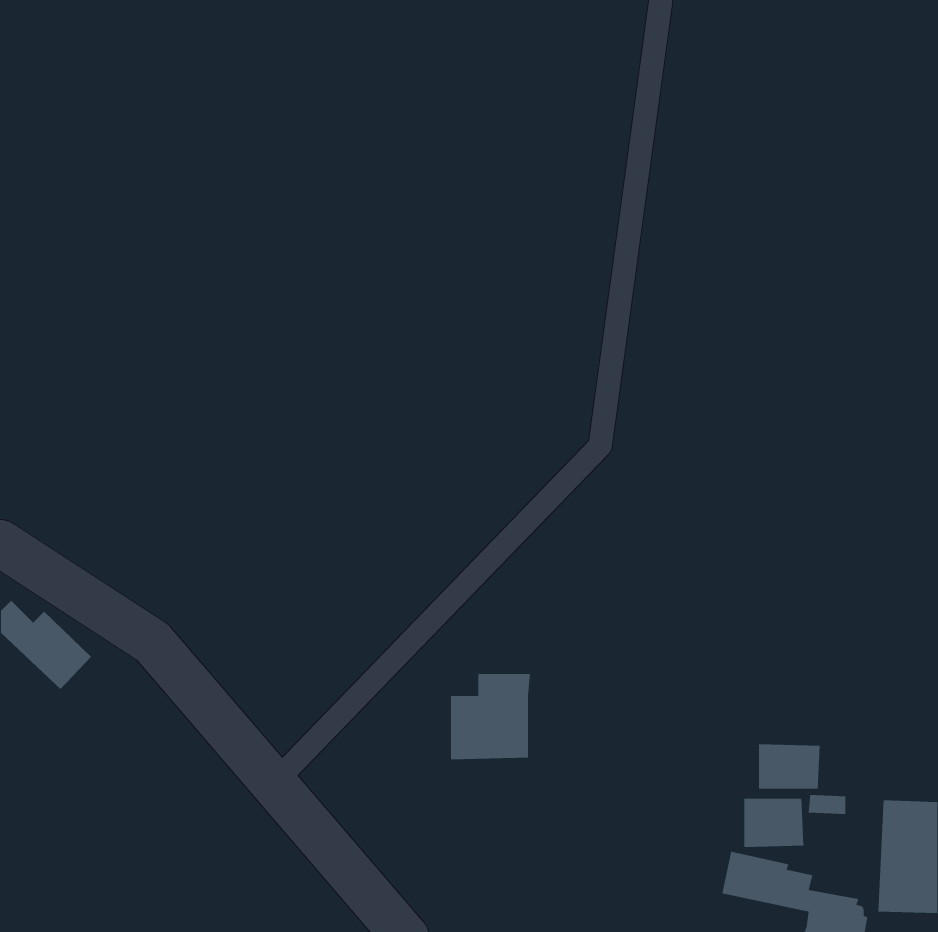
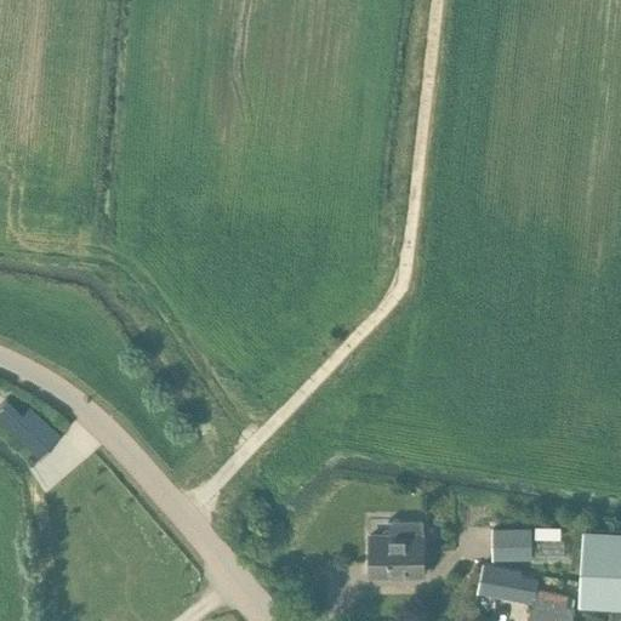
building: [450,674,531,760] -> [370,523,423,580]
building: [758,744,820,789] -> none

